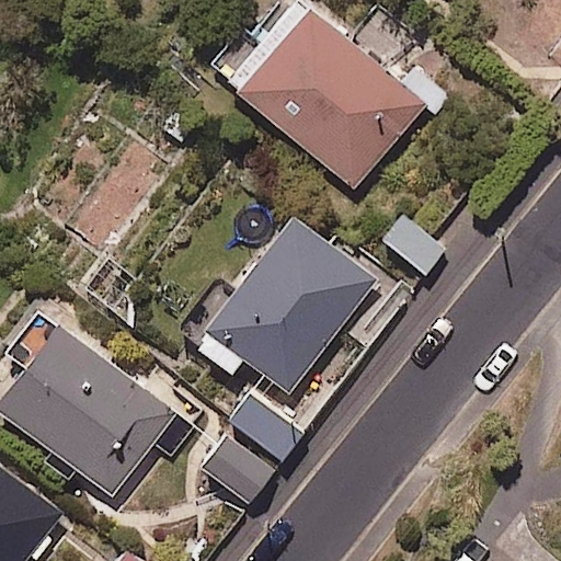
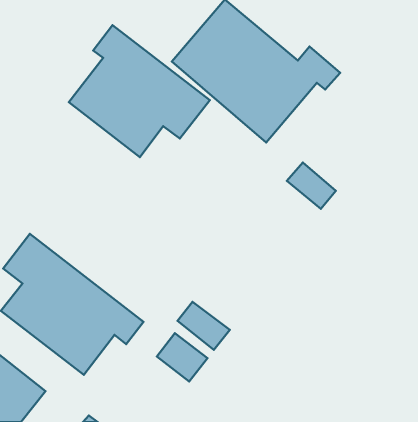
building: none -> [69,25,210,157]
building: [195,218,376,396] -> none

